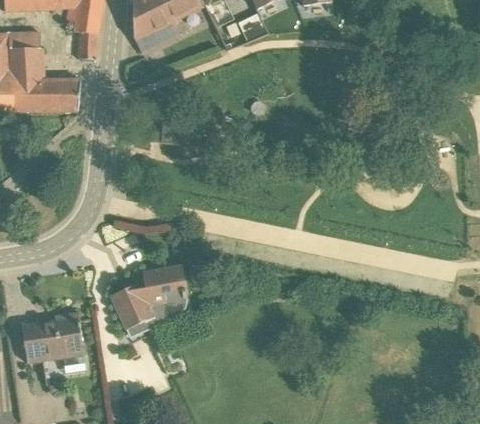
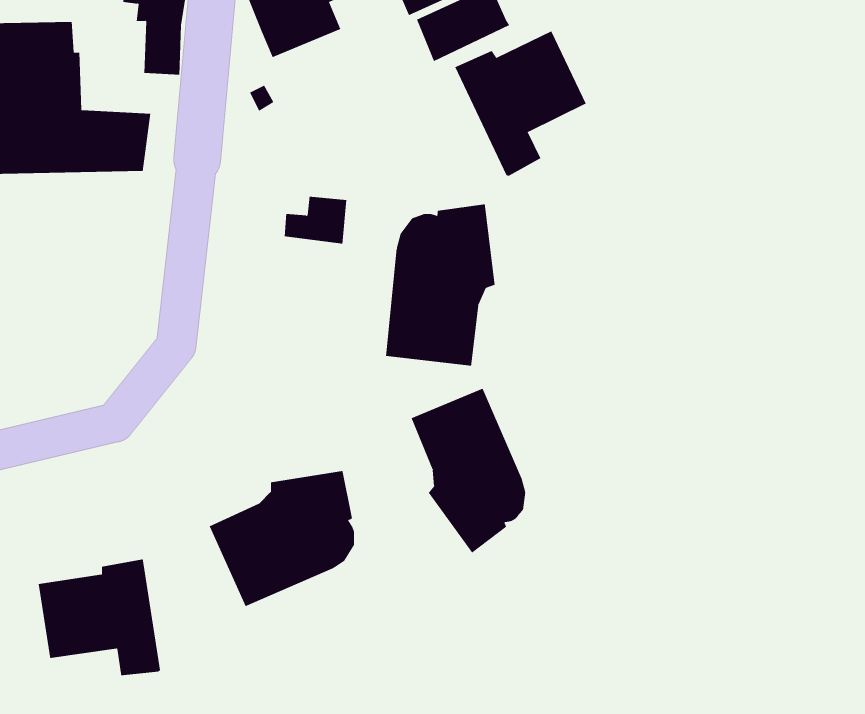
building: none -> [454,31,587,176]
building: none -> [385,203,495,366]
building: none -> [411,388,526,554]

